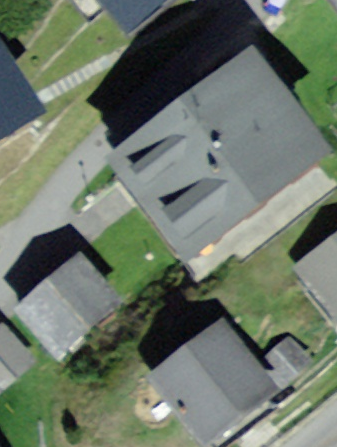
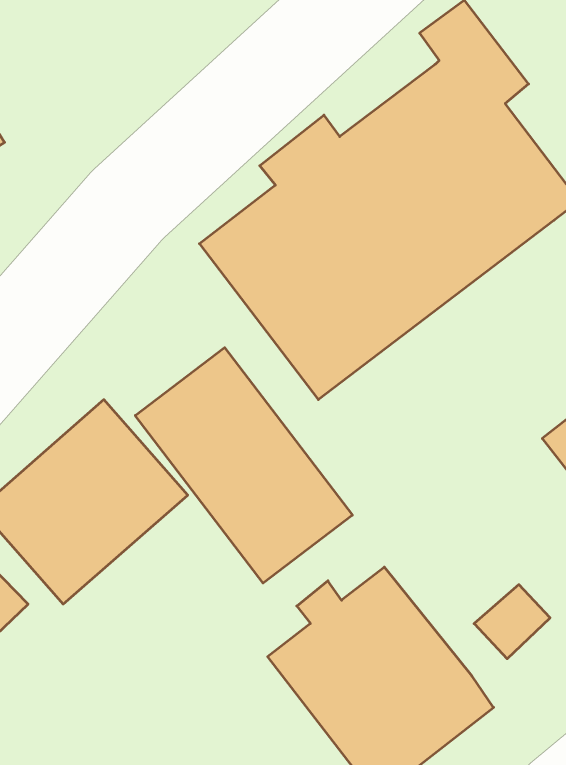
building: none -> [135,348,352,583]

